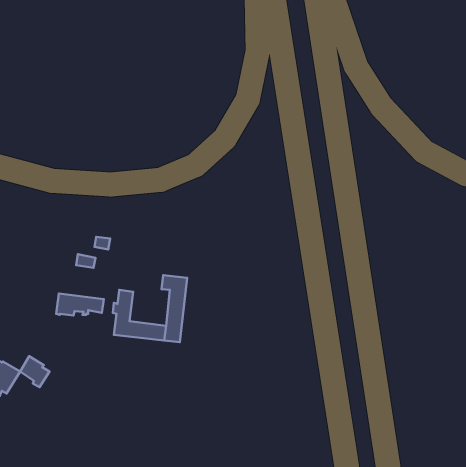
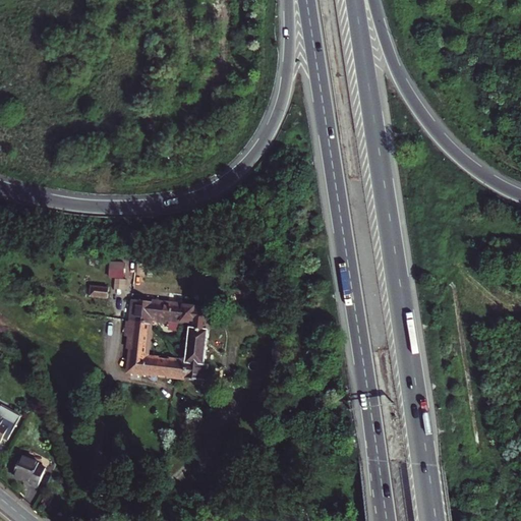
building: [56,294,104,316] -> [128,299,181,324]
building: [20,356,49,387] -> [10,451,43,485]

